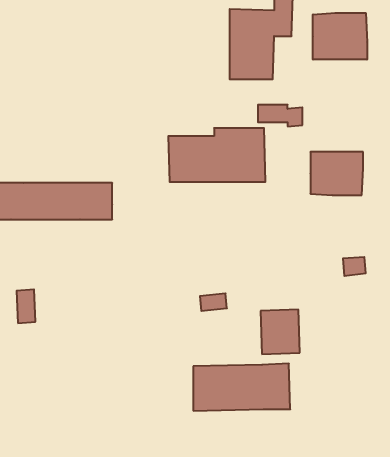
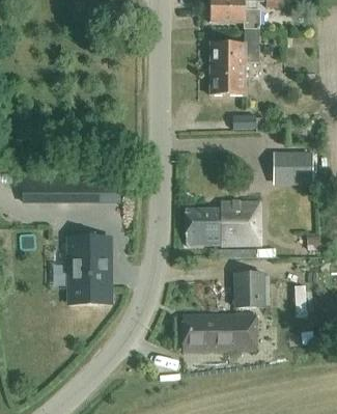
building: [313,13,367,60] -> none
building: [168,128,265,182] -> [186,202,260,244]
building: none -> [65,234,113,305]

